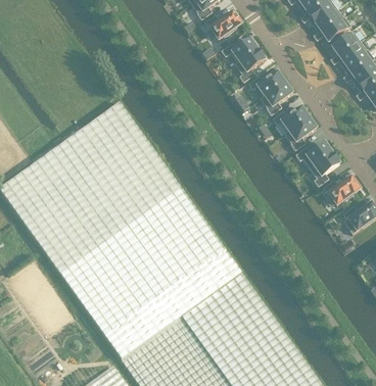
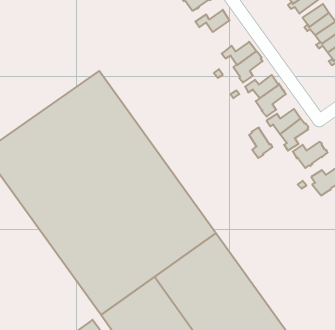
building: [235,48,265,81] -> none
building: none -> [249,127,272,158]

